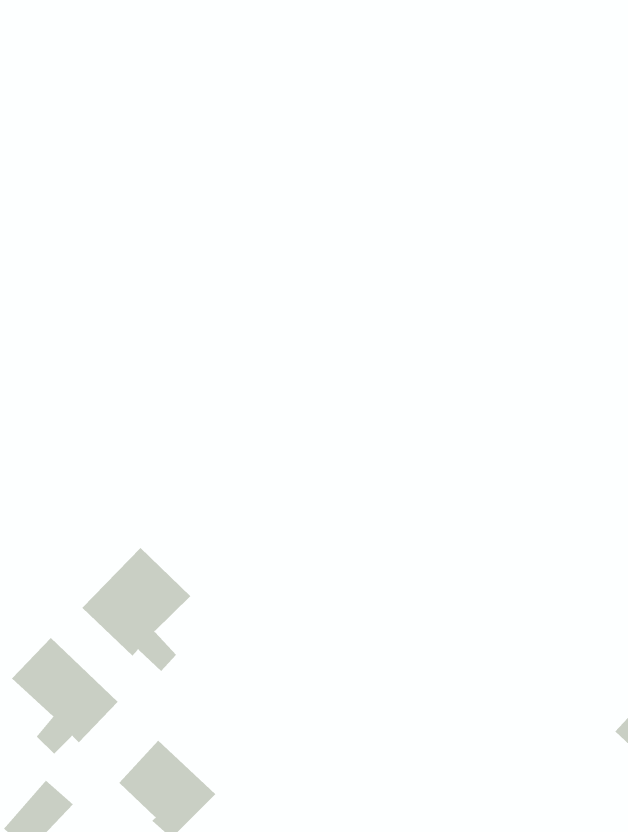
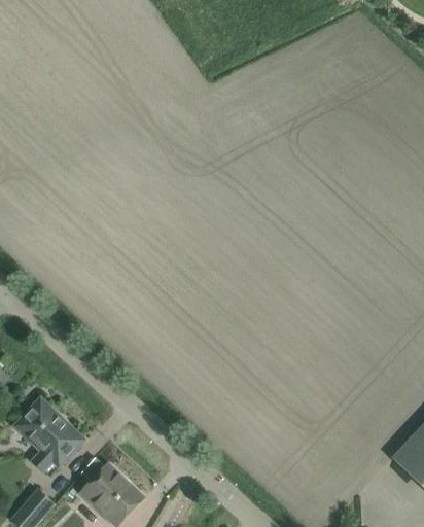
building: [82,547,191,672] -> none

